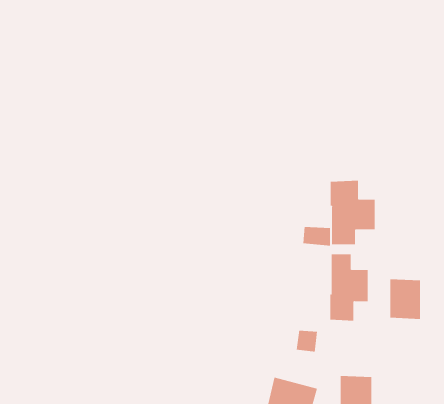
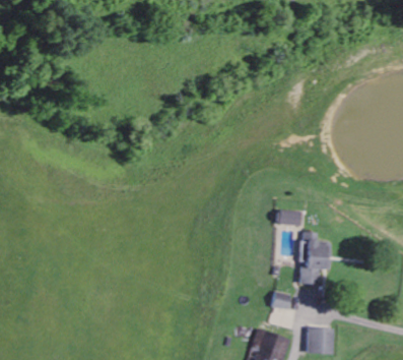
building: [330,180,375,245] -> none
building: [390,278,420,320] -> none

